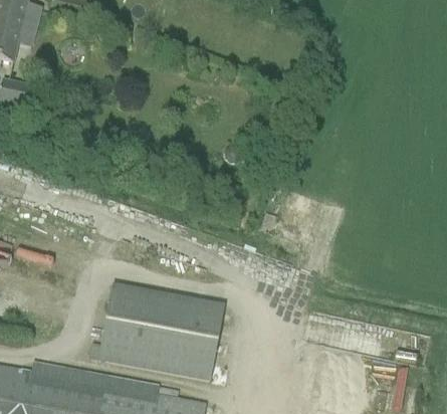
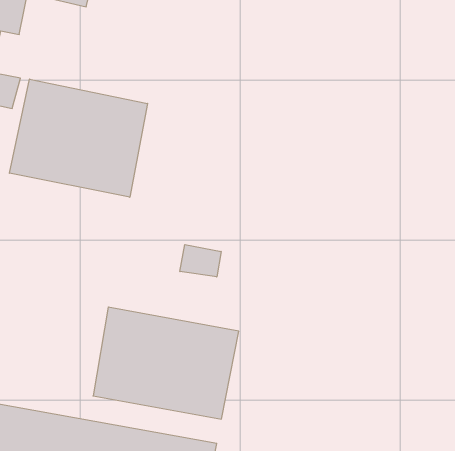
building: none -> [9,79,148,197]
building: none -> [180,245,221,277]

